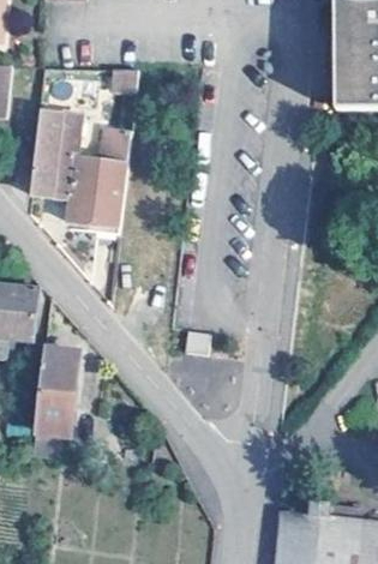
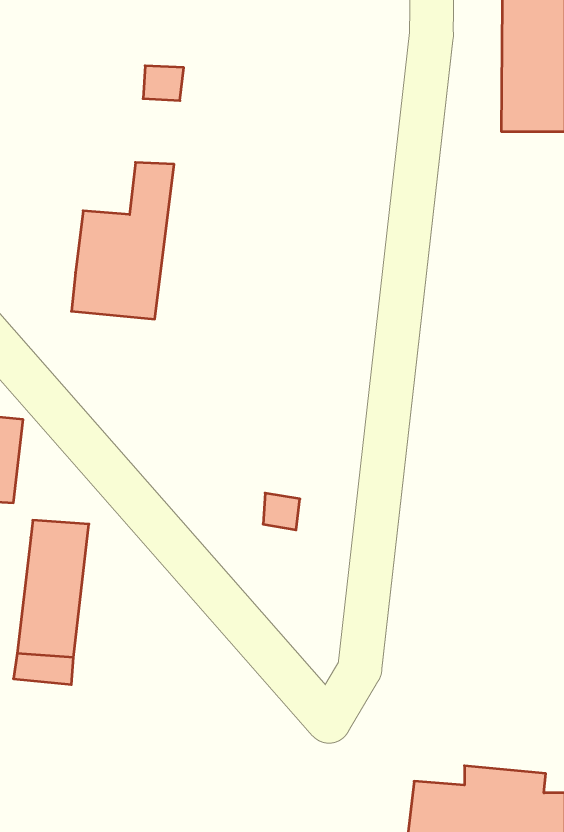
building: [30,109,82,197] -> none

